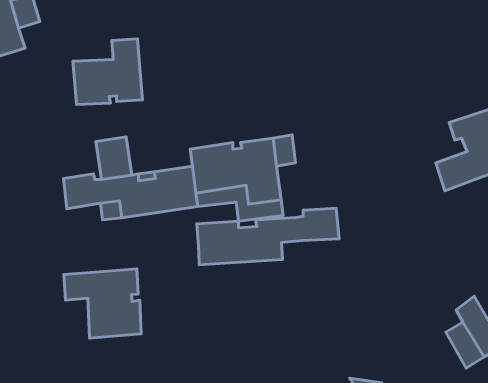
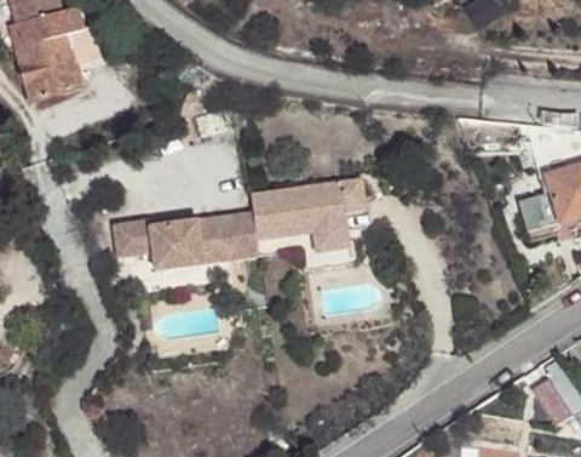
building: [73,39,142,104] -> none
building: [197,208,339,265] -> none
building: [64,269,141,338] -> none

